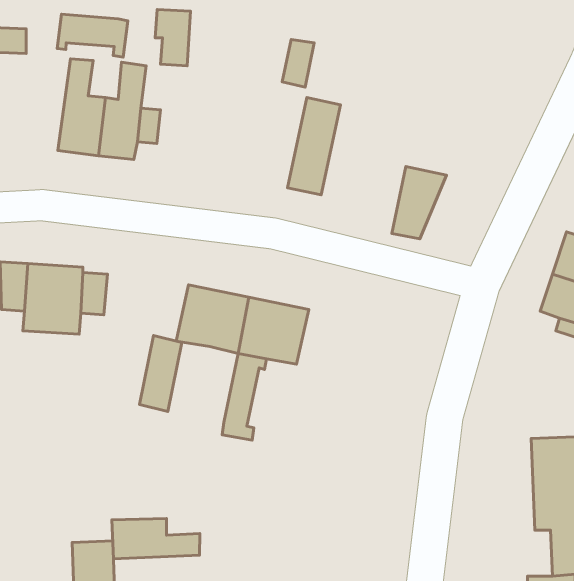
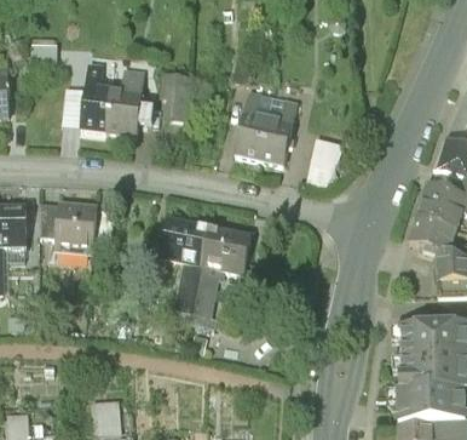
building: [155,9,191,66] -> [163,80,188,119]
building: [57,14,128,57] -> none
building: none -> [259,96,294,162]
building: [139,336,182,412] -> [173,262,202,314]
building: [112,518,200,559] -> none

